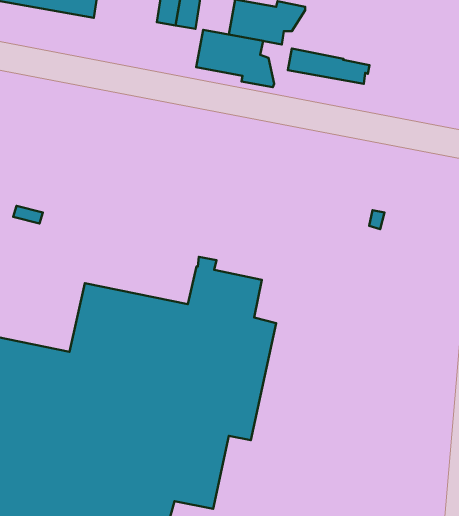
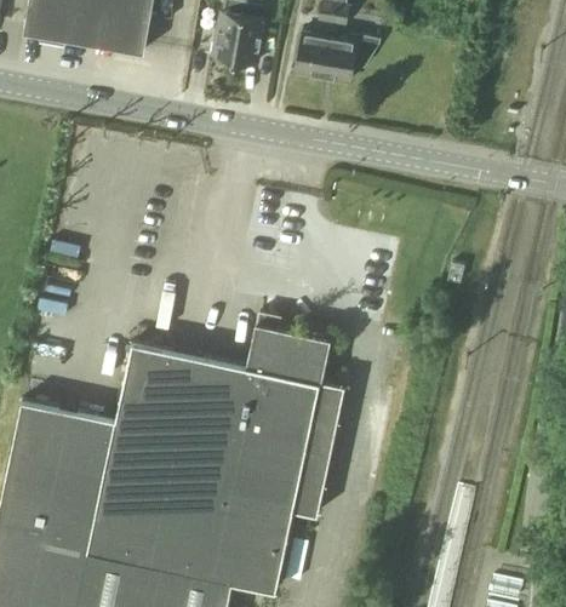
building: [196,30,274,87] -> none
building: [288,49,370,84] -> none

